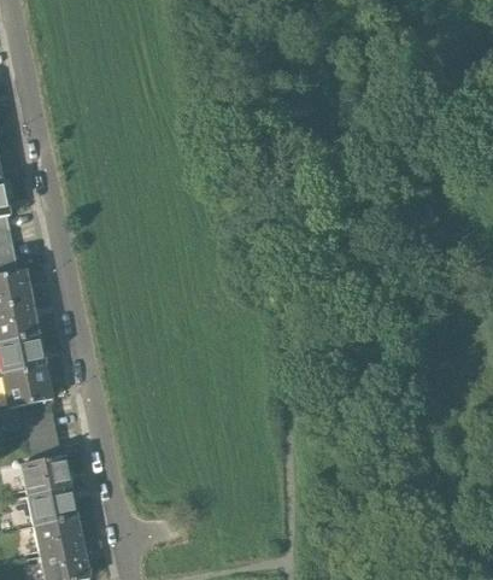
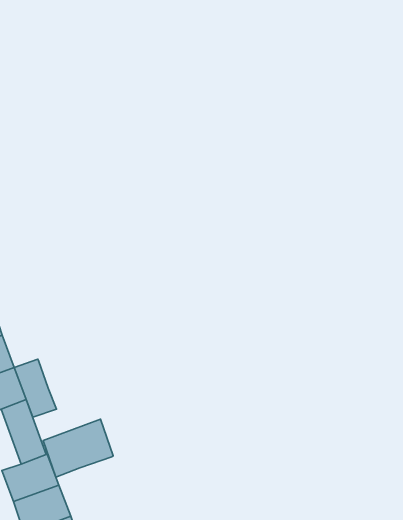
building: none -> [14,359,56,417]
building: none -> [43,419,113,477]

